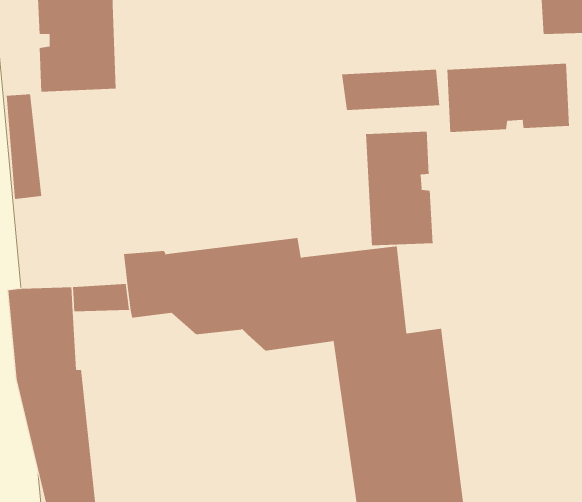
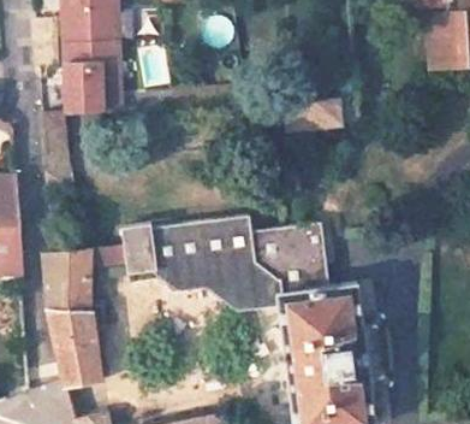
building: [447,63,569,133] -> none
building: [366,131,433,246] -> none

